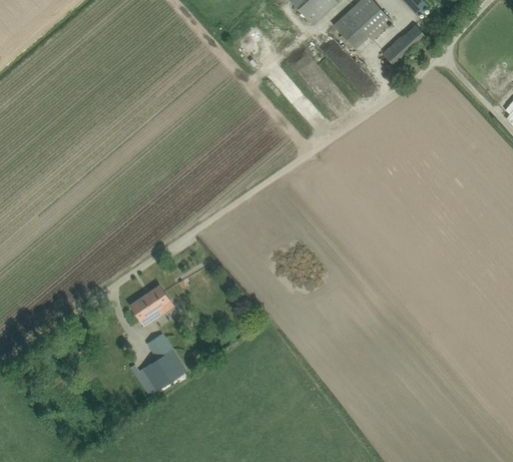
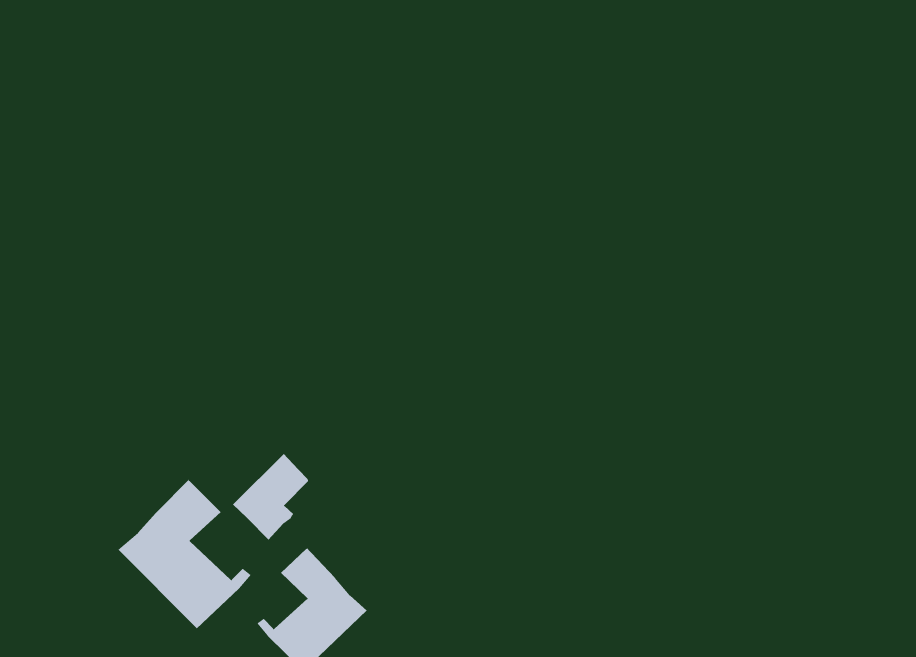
building: none -> [118,478,252,629]

